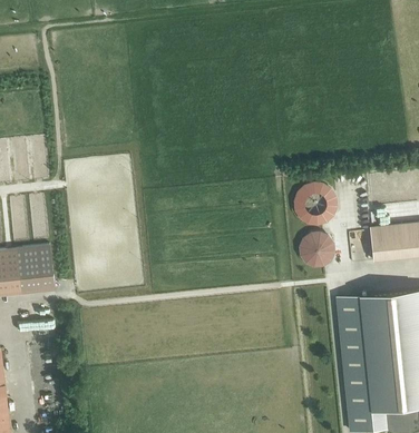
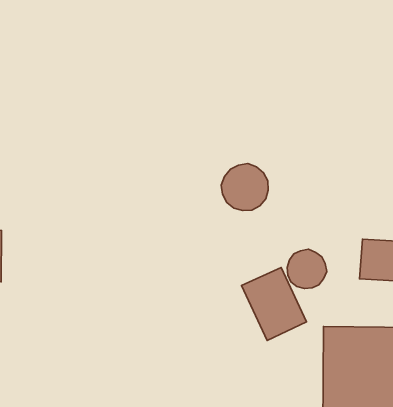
building: [294,184,335,225] -> [221,163,268,210]
building: none -> [241,268,306,341]

